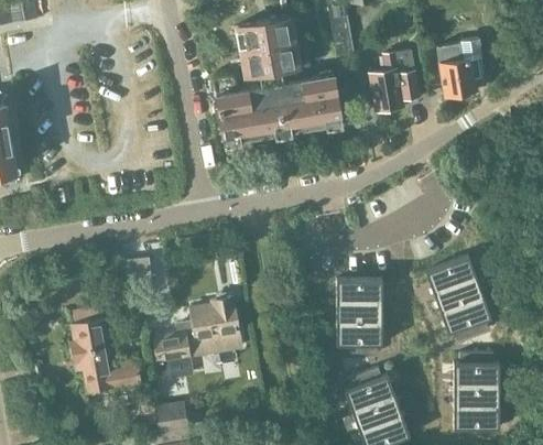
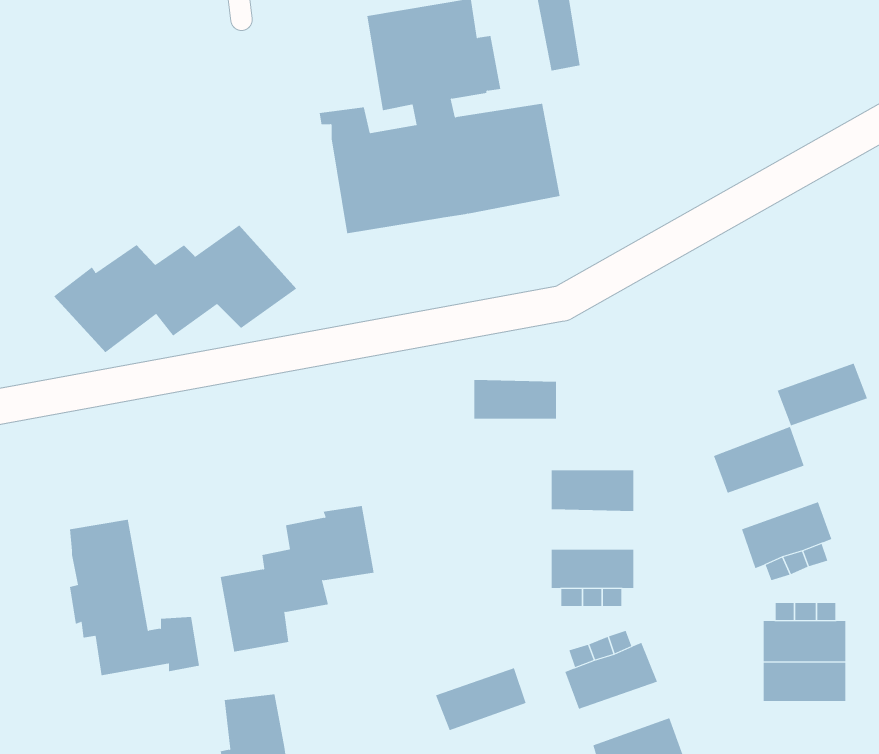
building: [435,41,480,98] -> none
building: [367,51,417,112] -> none
building: none -> [53,224,297,353]
building: [434,276,485,312] -> [777,363,868,426]
building: [336,301,382,323] -> [474,380,557,419]
building: [351,397,402,432] -> [435,667,526,731]
building: [454,408,500,430] -> none

